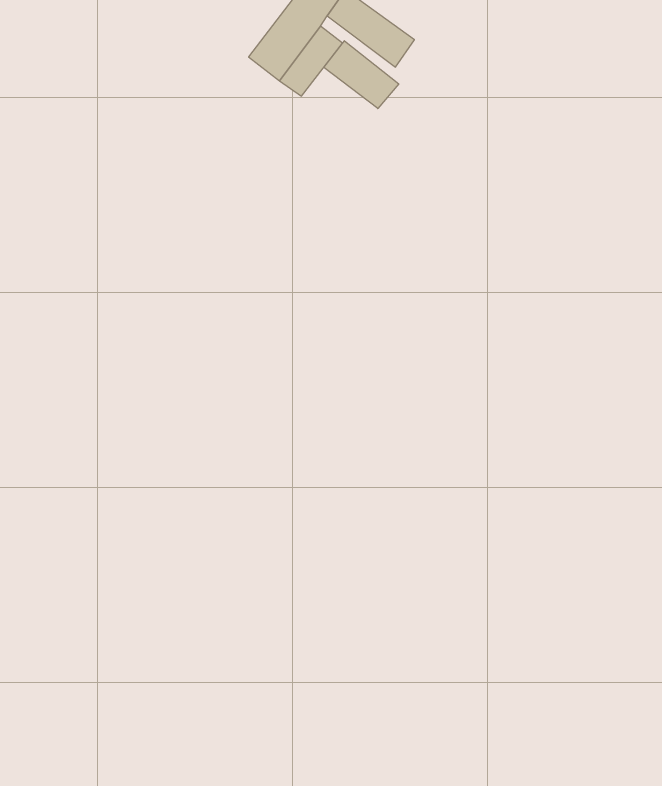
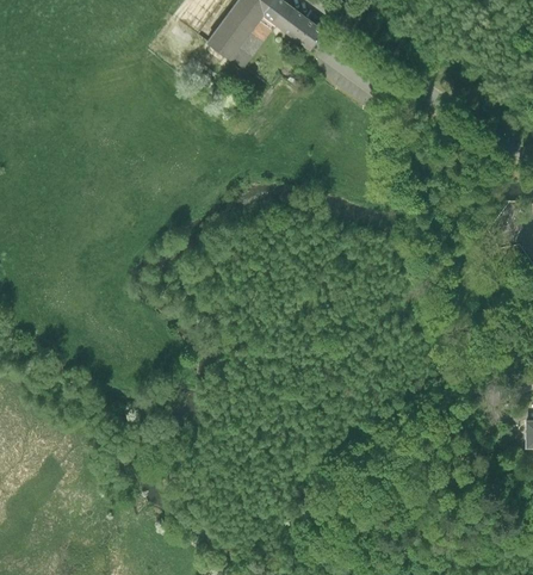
building: [324,41,399,109] -> none

